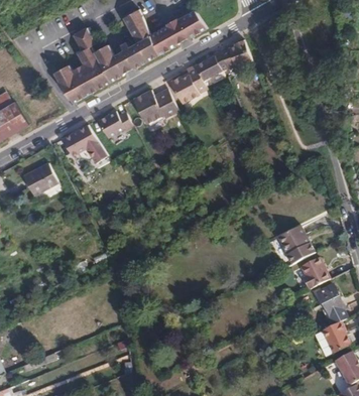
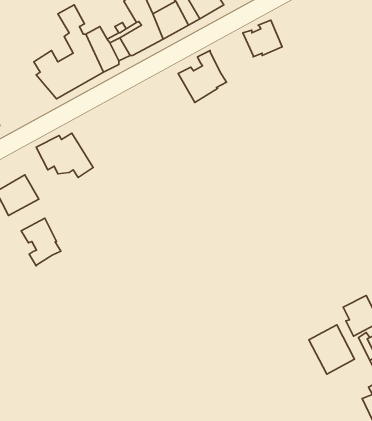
building: [195,50,229,82] -> none
building: [130,91,175,126] -> none
building: [95,113,130,138] -> none
building: none -> [21,218,61,266]
building: [278,227,315,266] -> [309,325,355,374]

